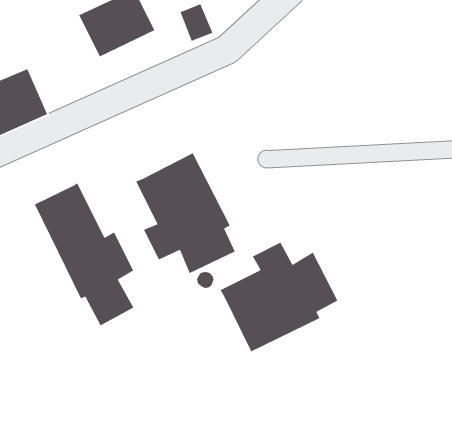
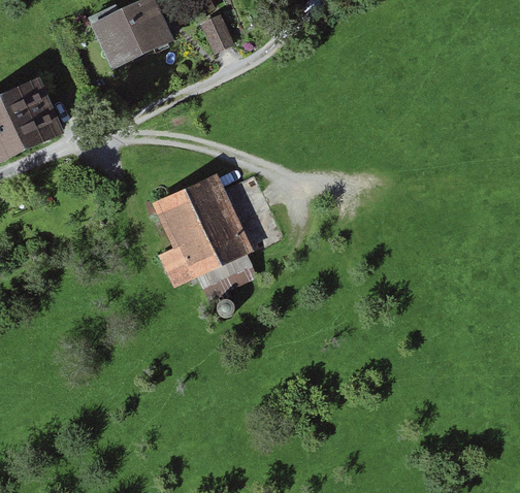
building: [34,182,135,326] -> none
building: [220,242,339,352] -> none

